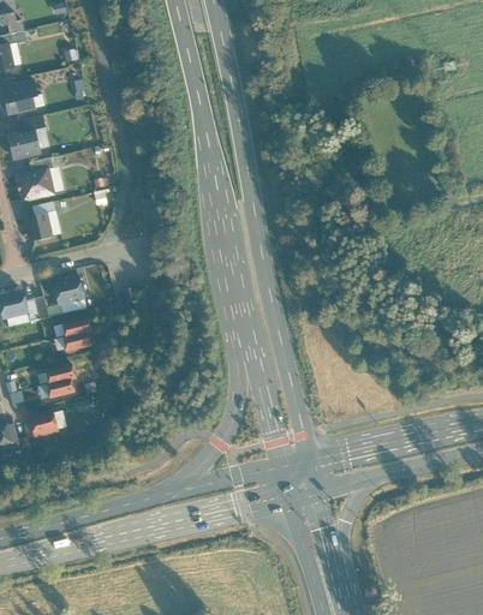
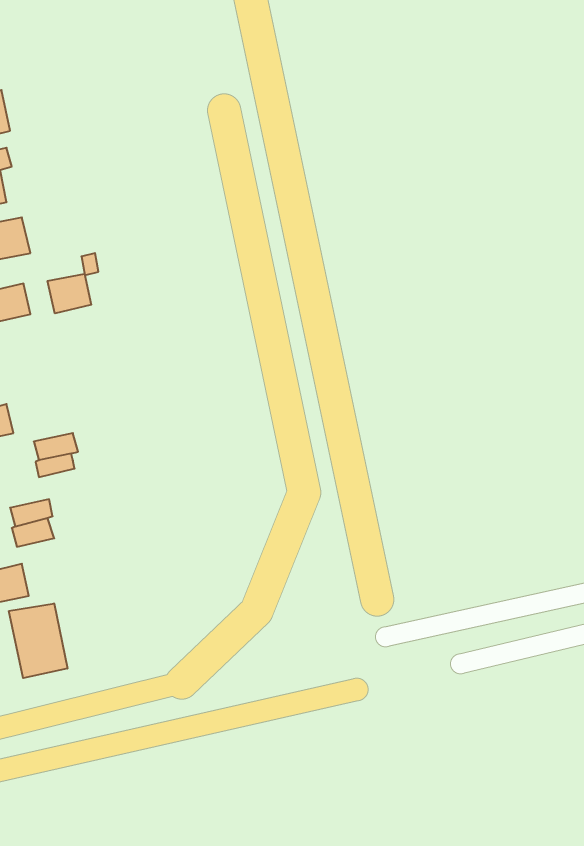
building: none -> [48,274,91,313]
building: [50,275,82,306] -> none
building: none -> [9,603,67,678]

